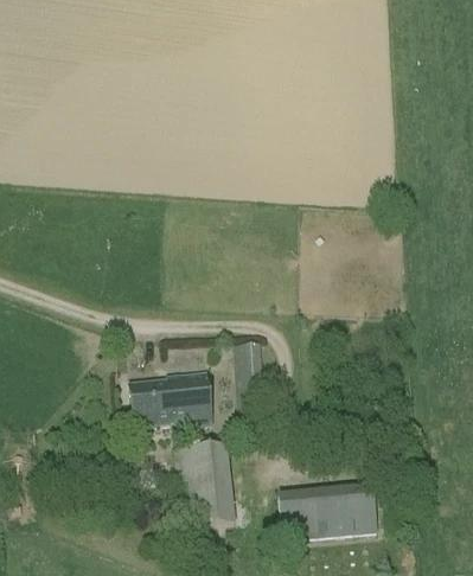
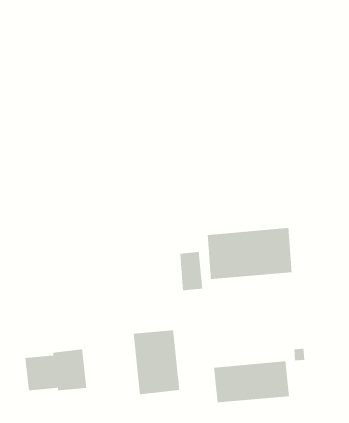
building: none -> [207,227,292,280]
building: [129,369,211,423] -> [24,349,87,391]

